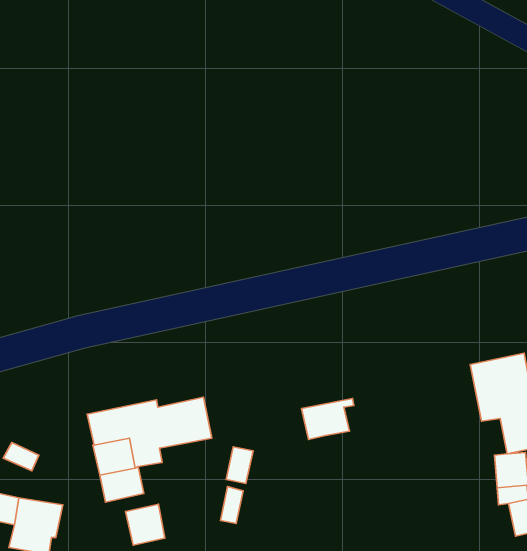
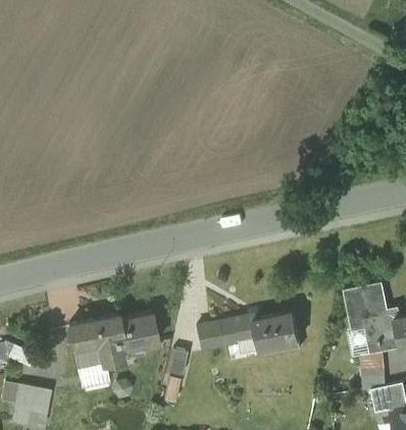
building: none -> [241,313,301,358]
building: none -> [197,322,229,350]
building: [126,504,165,545] -> none

